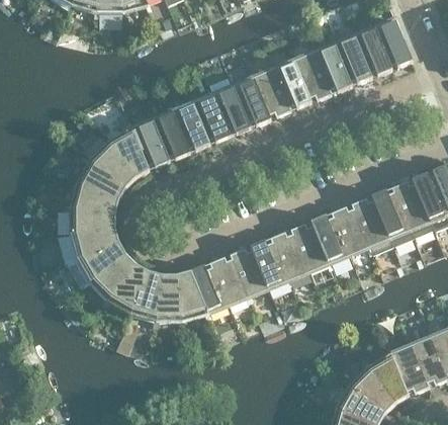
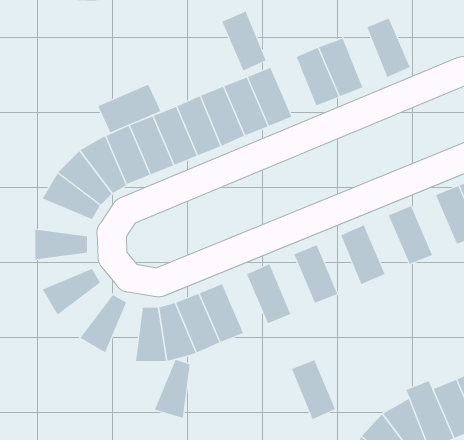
building: [374,18,414,69] -> none
building: [335,34,372,86] -> none
building: [273,60,311,111] -> [221,11,266,71]
building: none -> [98,84,161,133]
building: [393,178,432,230] -> none
building: [71,181,120,214] -> none
building: [353,195,391,246] -> none
building: [312,212,350,263] -> none
building: [71,228,120,259] -> none
building: [272,229,310,280] -> [291,360,336,420]
building: [232,246,270,296] -> none
building: [90,253,138,301] -> none
building: [131,270,163,321] -> [154,359,191,418]

